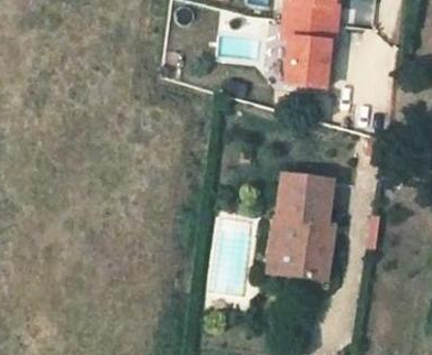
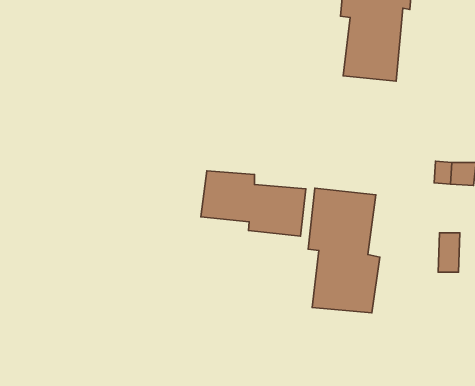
building: none -> [201,171,306,236]

